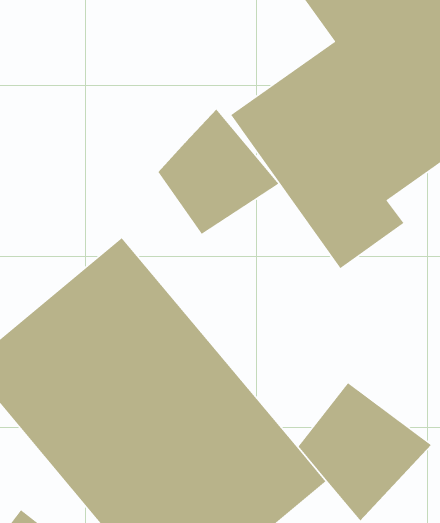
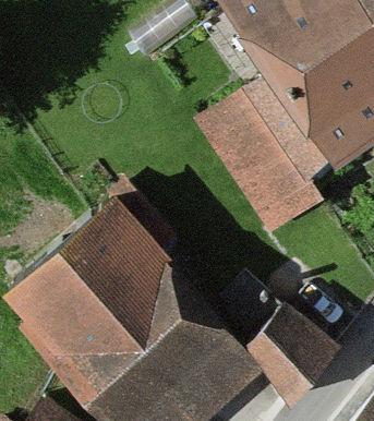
building: [158,109,280,235] -> none

